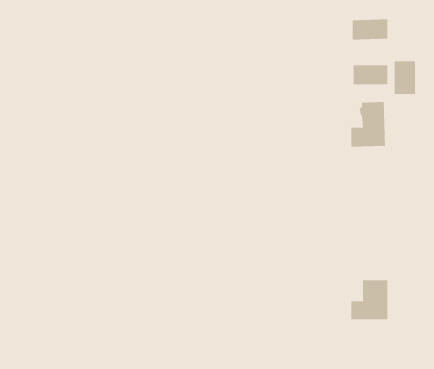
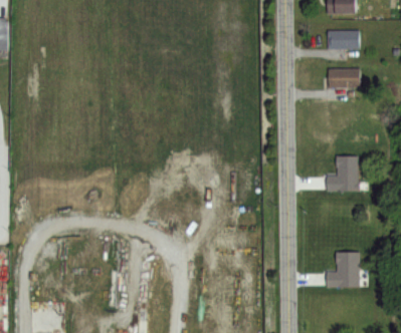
building: [394,60,415,95] -> none
building: [351,101,386,147] -> [326,155,356,195]

